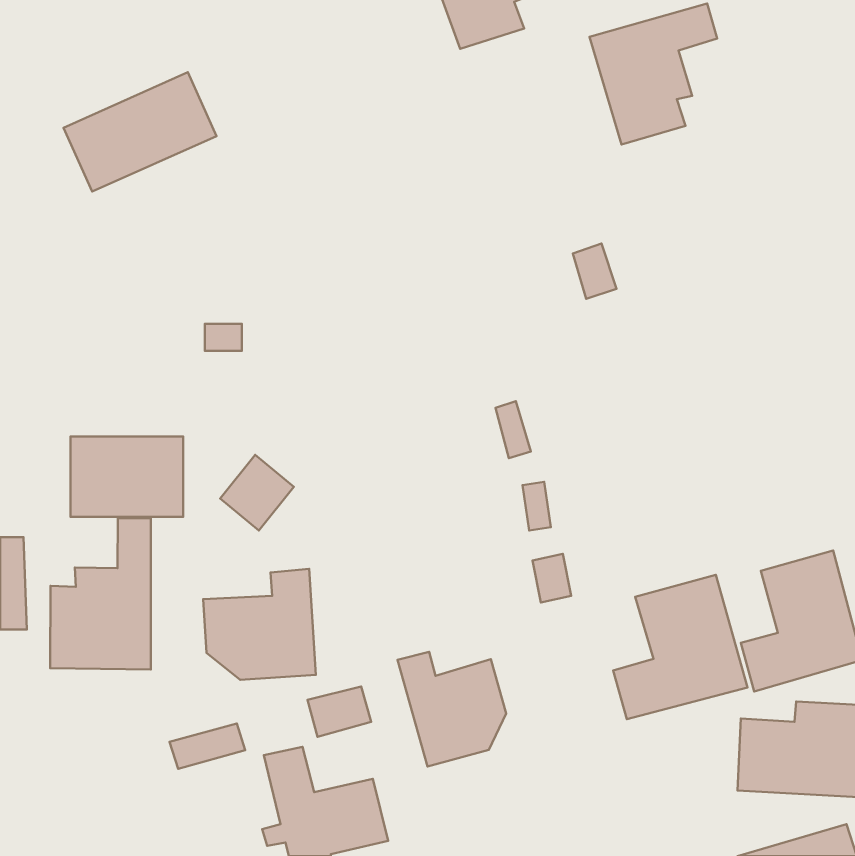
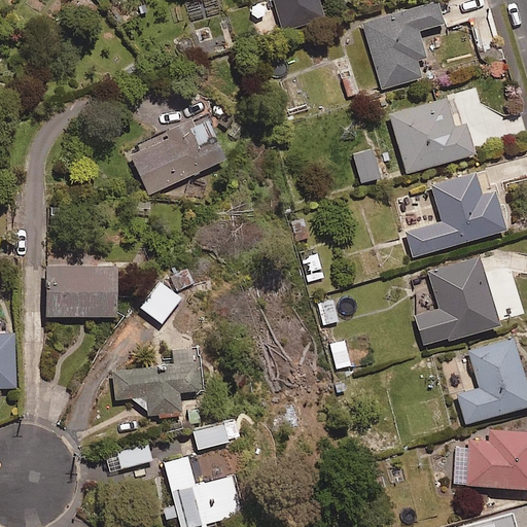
building: [64,72,216,191] -> [130,121,223,195]
building: none -> [391,97,471,173]
building: none -> [407,169,506,256]
building: [50,518,151,669] -> none
building: [613,575,748,719] -> [416,257,498,346]
building: [398,652,506,767] -> none

